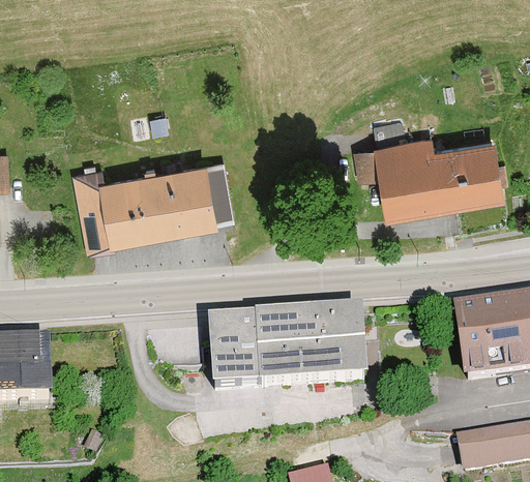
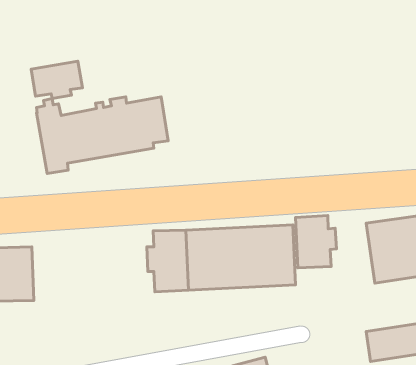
building: none -> [31,61,83,99]
building: [353,119,502,210] -> none
building: none -> [295,215,336,268]

